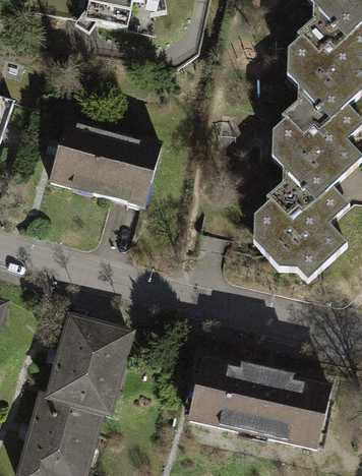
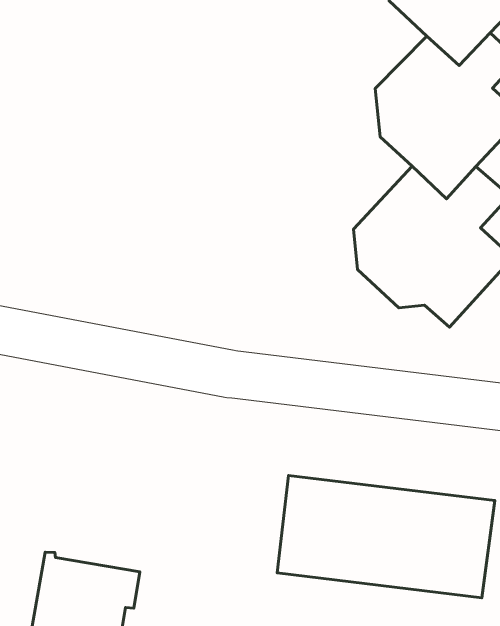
building: [46,120,158,209] -> none
building: [48,317,128,413] -> none

